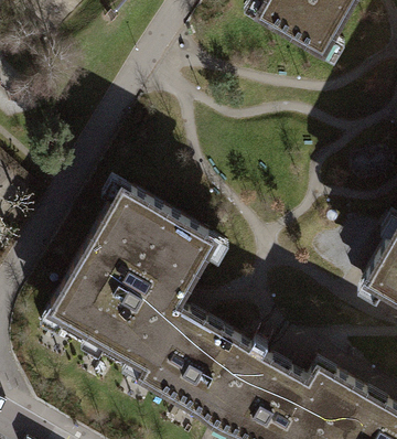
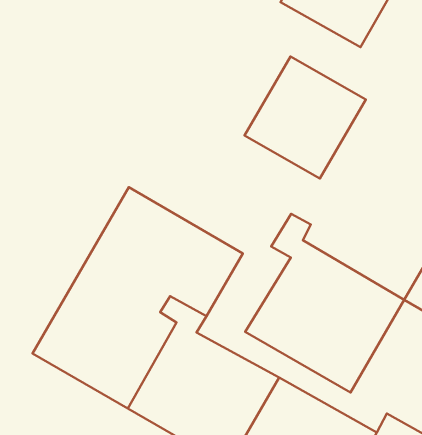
building: none -> [245,56,366,179]
building: none -> [245,214,404,393]

